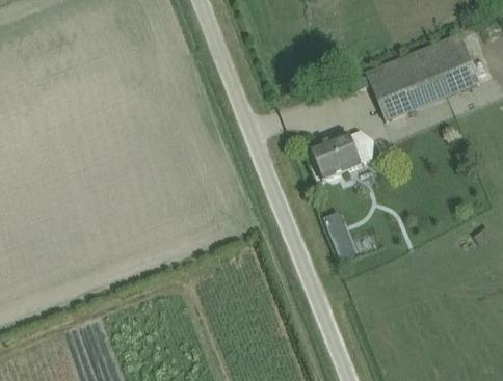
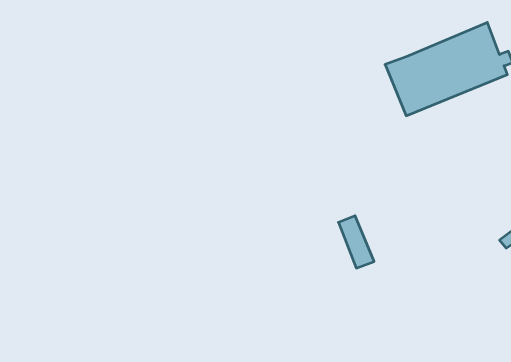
building: [311,131,373,179] -> none

